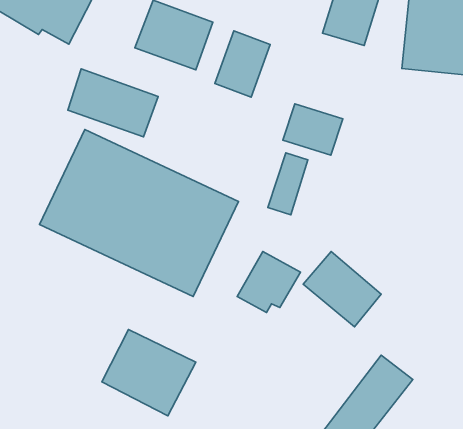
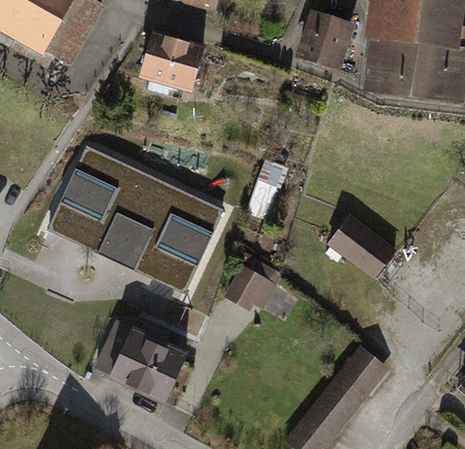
building: [215,31,270,97] -> none
building: [68,69,158,137] -> none
building: [283,104,343,155] -> none
building: [303,251,381,327] -> [325,213,396,282]

